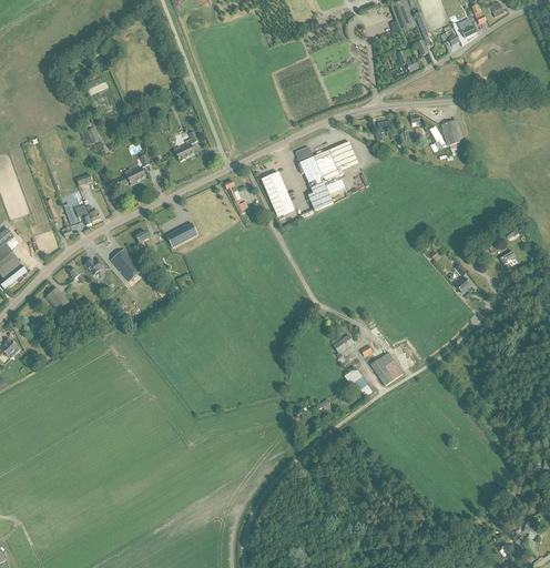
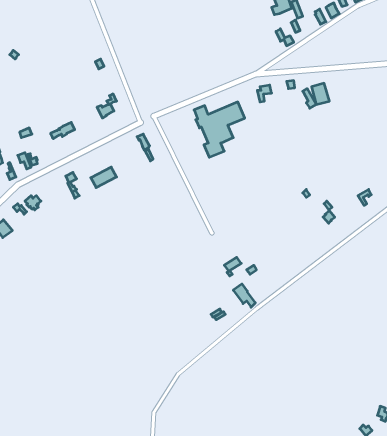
building: [259,171,293,216] -> none
building: [110,248,141,281] -> none
building: [370,352,401,385] -> none

